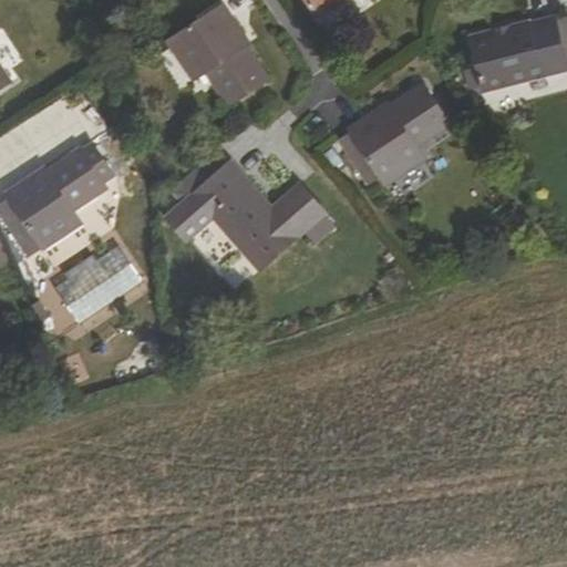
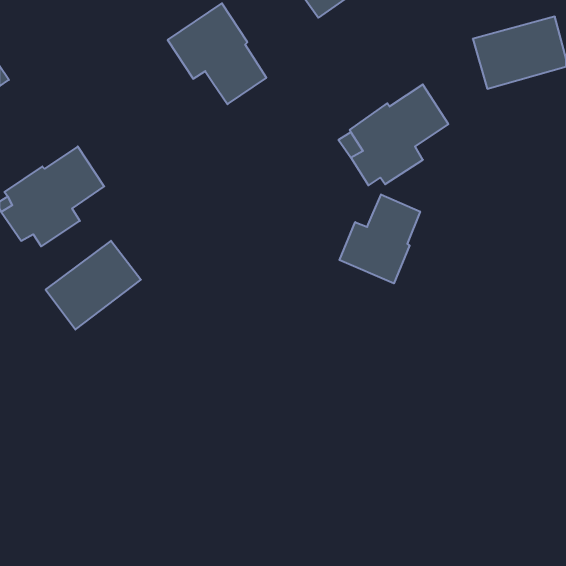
building: [171,161,327,269] -> none
building: none -> [339,194,420,283]

